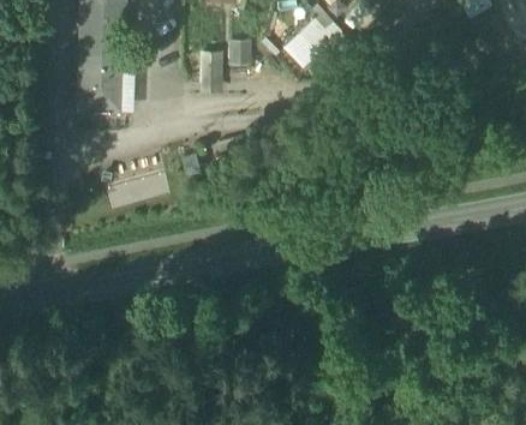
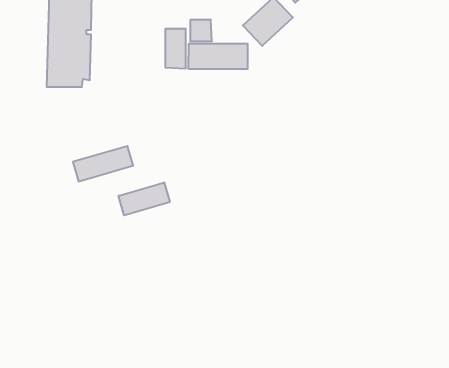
building: none -> [189,44,248,69]
building: none -> [119,182,170,215]

